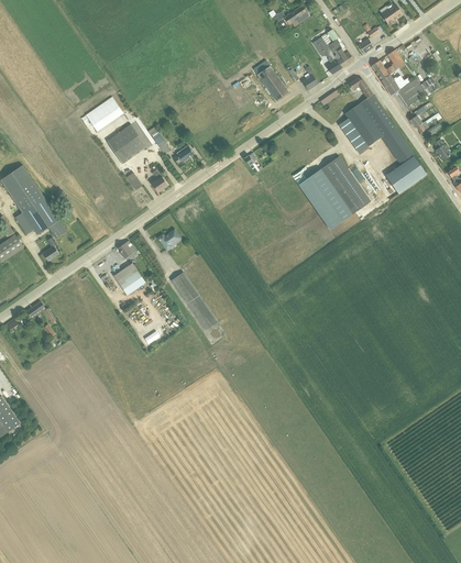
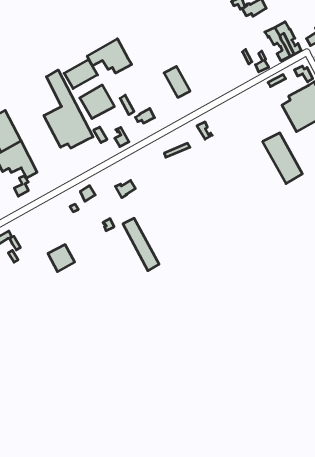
building: [256,65,288,100] -> [164,66,190,97]
building: none -> [87,39,132,73]
building: none -> [44,70,93,148]
building: [297,168,352,230] -> none
building: [113,263,145,295] -> [48,245,75,272]

